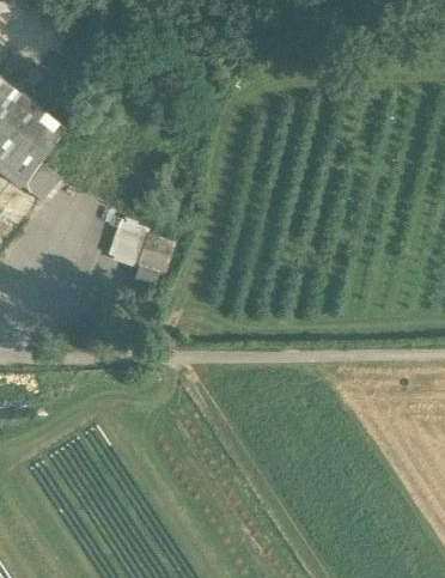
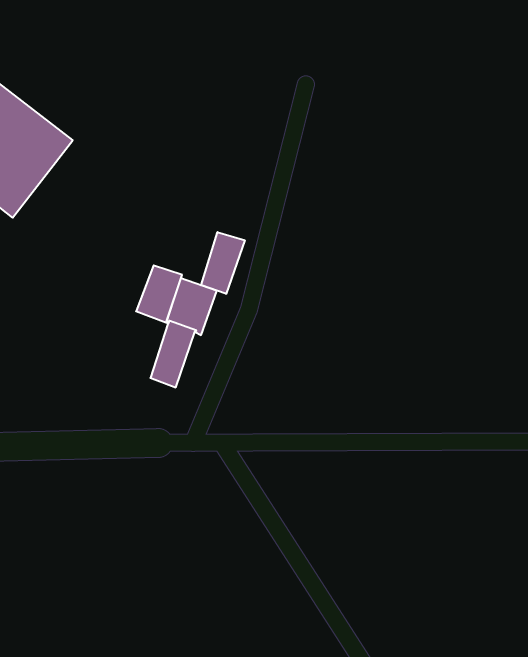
building: [20,160,59,200] -> none
building: none -> [201,232,245,294]

